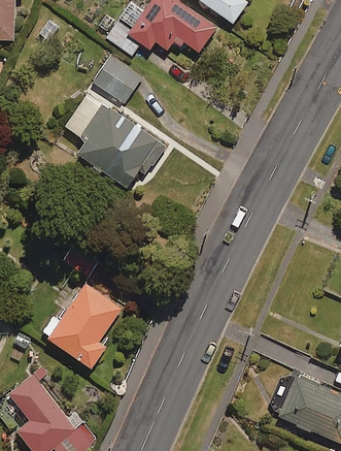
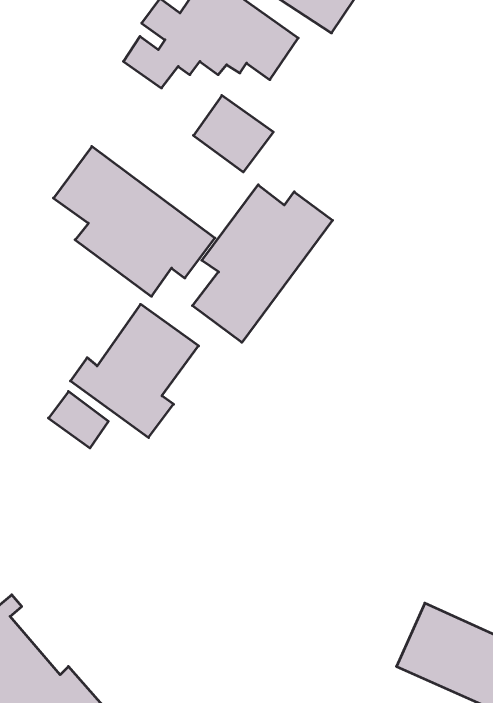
building: [92,56,141,103] -> [193,95,273,172]
building: none -> [192,185,333,342]
building: [41,284,121,366] -> [70,304,199,438]

